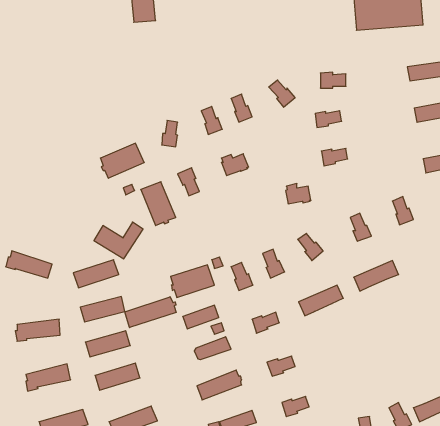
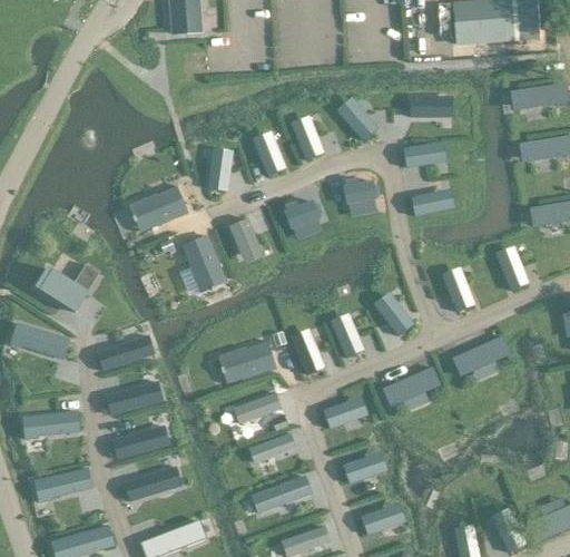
building: [286,184,311,204] -> [343,178,375,204]
building: [94,222,143,259] -> [36,265,98,312]
building: [125,297,176,328] -> none

